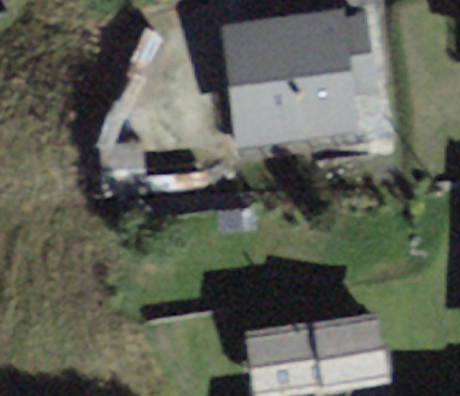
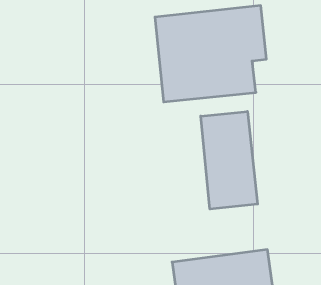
building: none -> [201,111,258,209]

